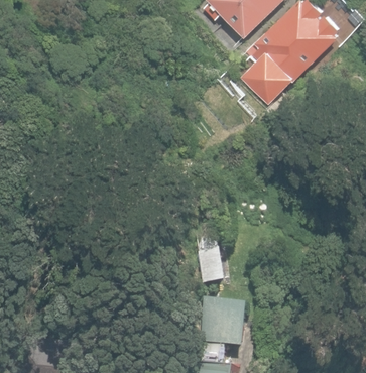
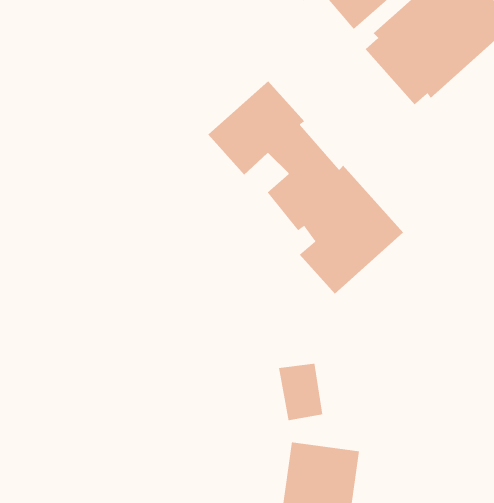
building: none -> [208,80,404,294]

